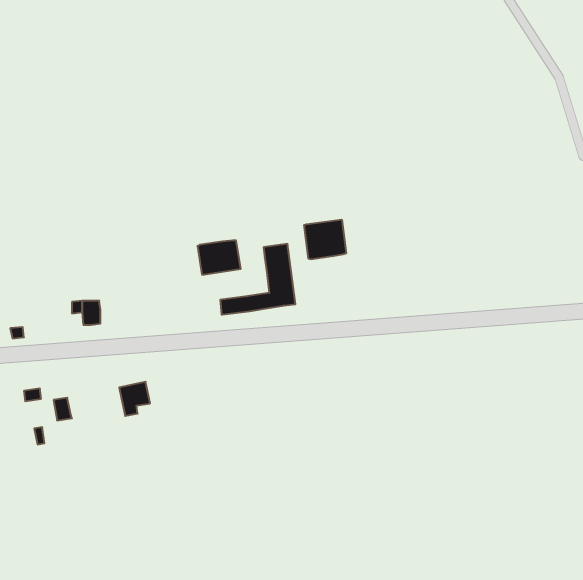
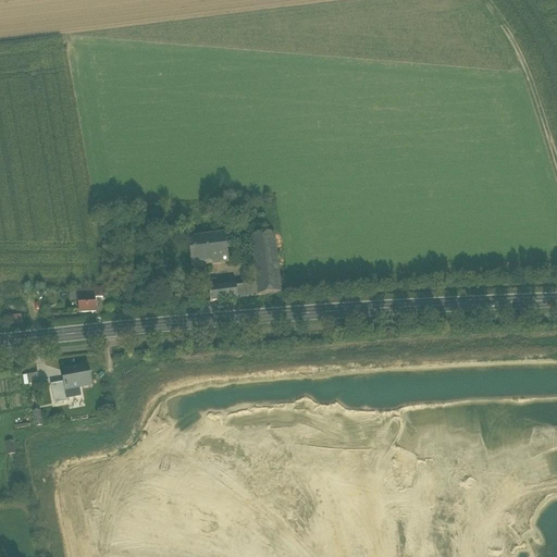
building: [304,220,346,259] -> none
building: [119,382,150,416] -> [62,363,91,396]

